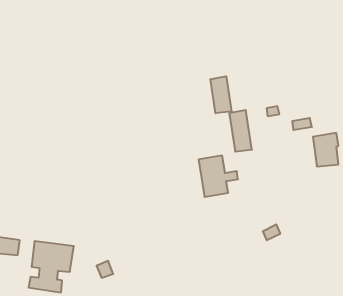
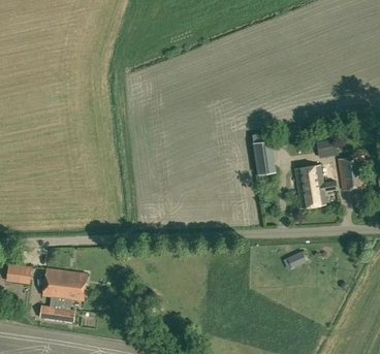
building: [211,76,231,113] -> none
building: [199,156,238,197] -> [295,164,337,207]

